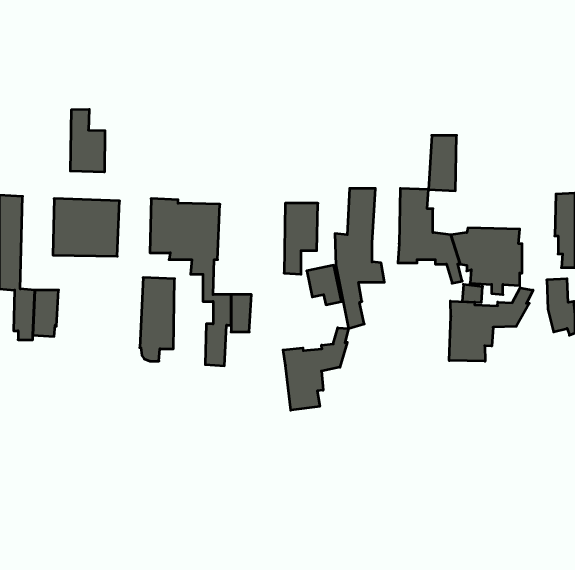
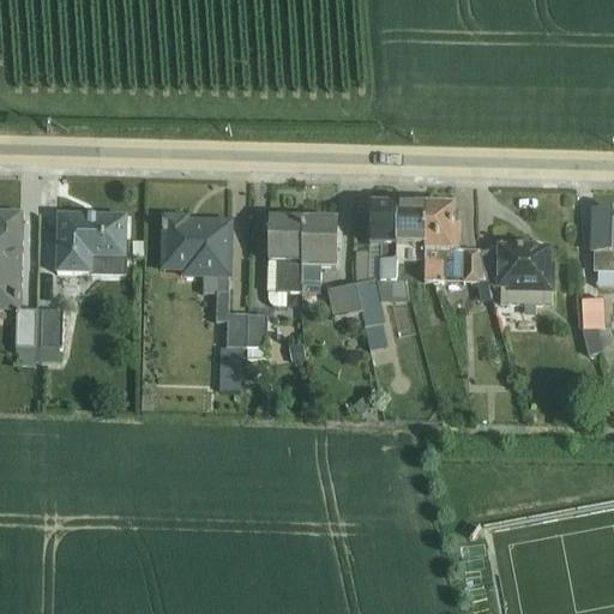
building: [70,109,105,172] -> none
building: [428,135,457,191] -> [396,200,426,259]
building: [140,278,175,361] -> [266,215,303,303]
building: [449,288,533,361] -> none
building: [283,328,348,410] -> none

